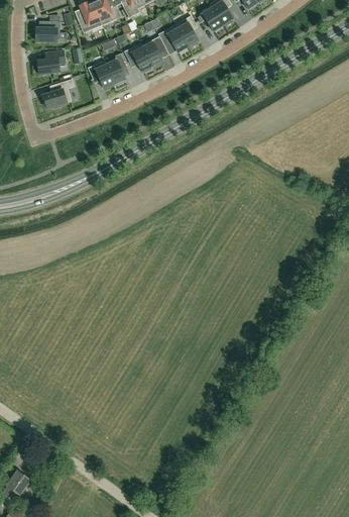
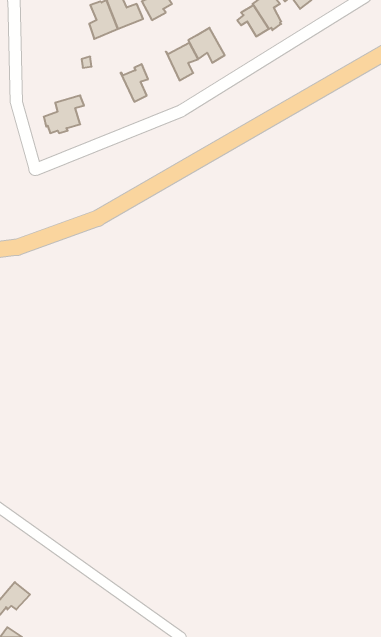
building: [176,15,199,46] -> none
building: [36,20,61,41] -> none
building: [124,42,151,72] -> none
building: [36,53,65,76] -> none
building: [88,60,115,89] -> none

